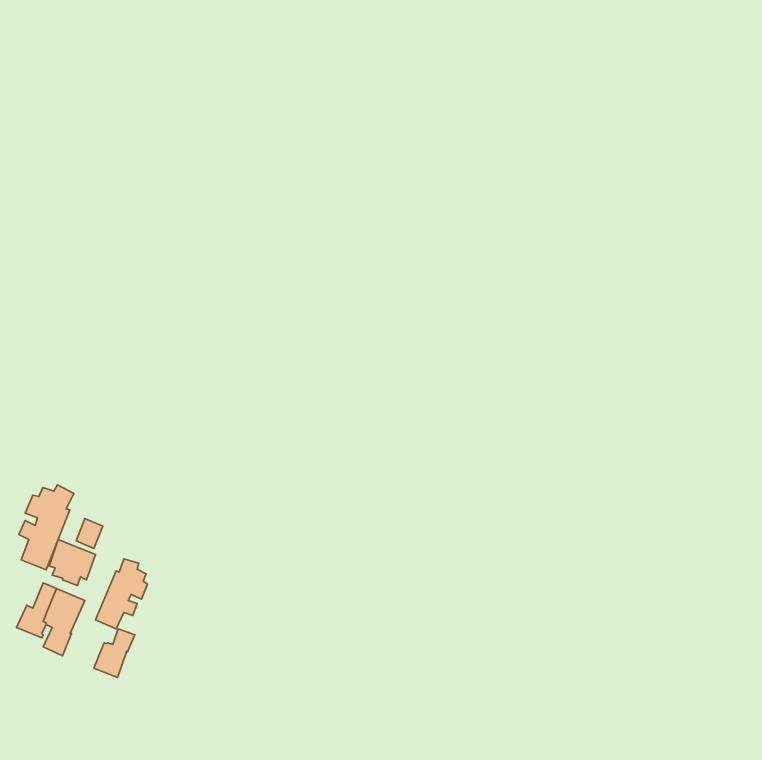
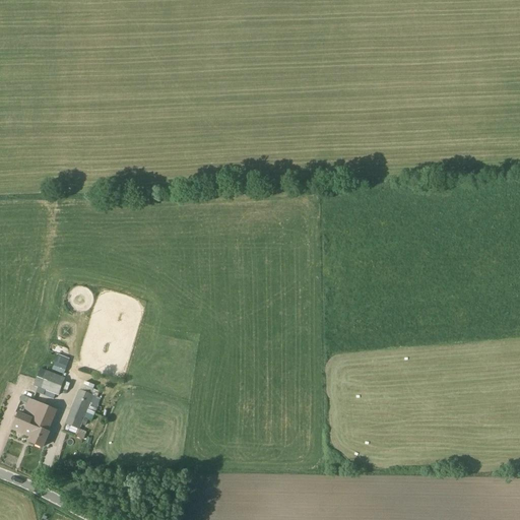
building: [19,485,74,570] -> none
building: [94,629,135,677] -> none

